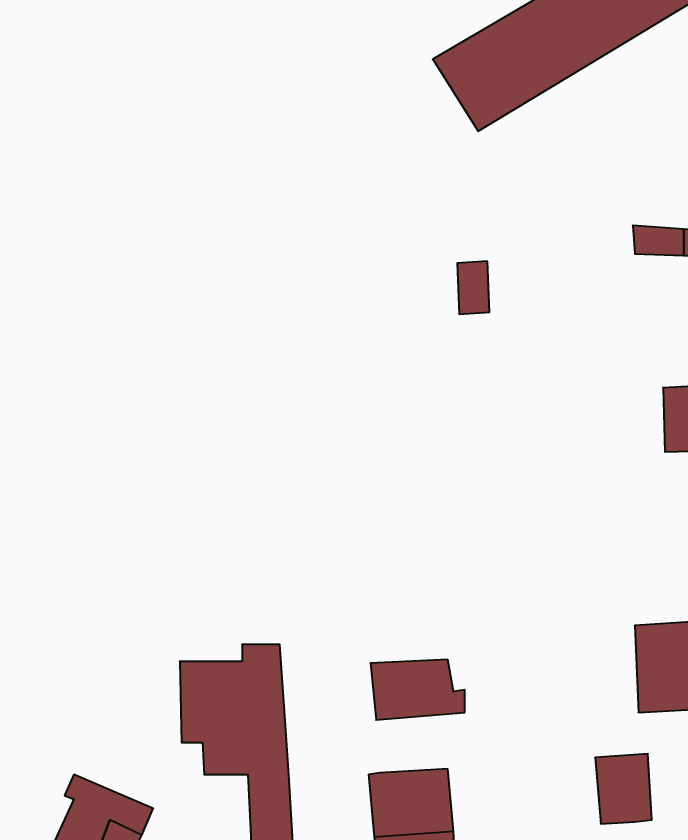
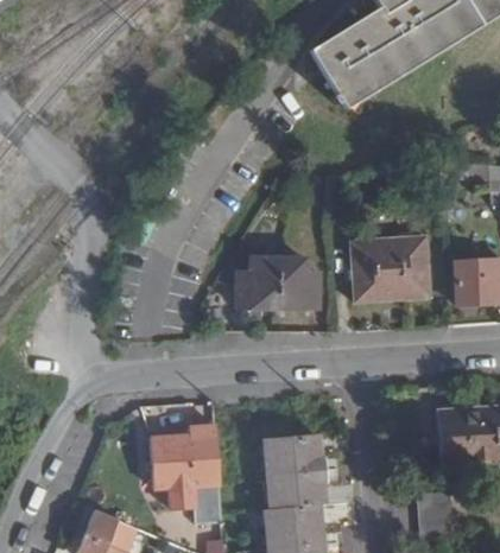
building: none -> [352,240,430,304]
building: none -> [239,260,318,310]
building: none -> [277,468,334,506]

